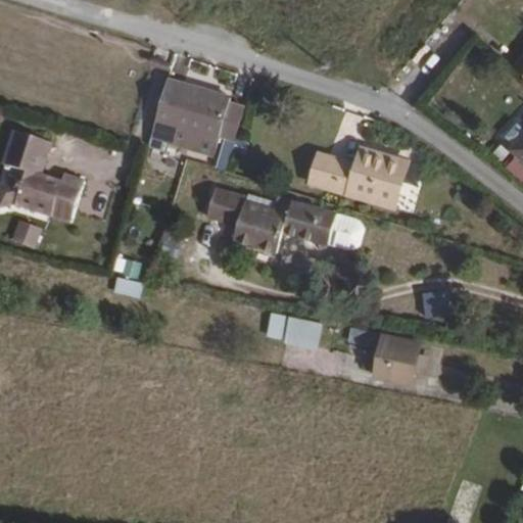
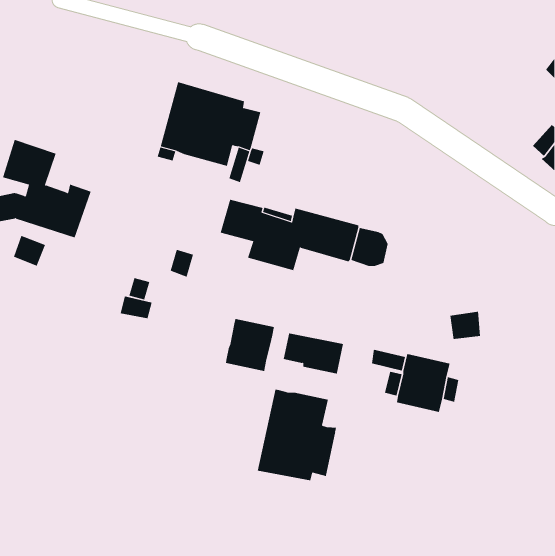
building: [306,145,411,211] -> none
building: none -> [225,318,274,372]
building: none -> [257,389,337,481]

